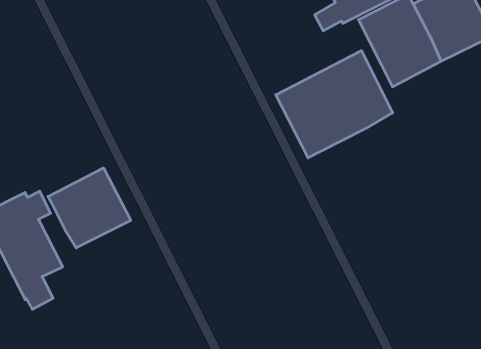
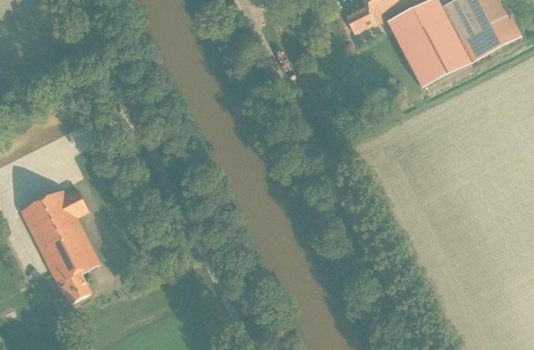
building: [276,51,393,158] -> none
building: [48,168,131,248] -> none

